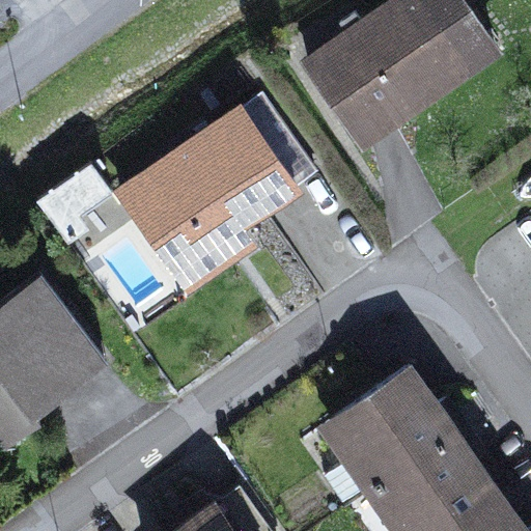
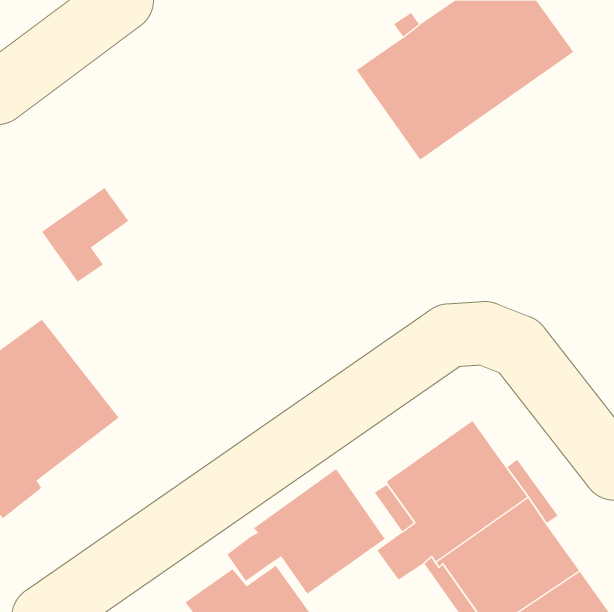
building: [120,96,315,289] -> none
building: none -> [227,468,386,594]

